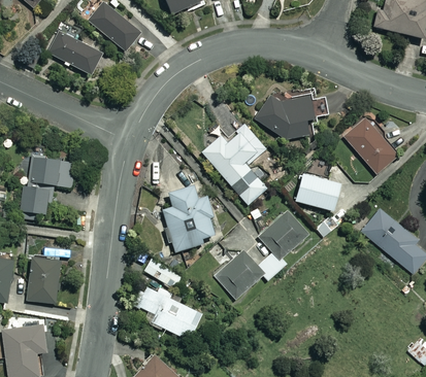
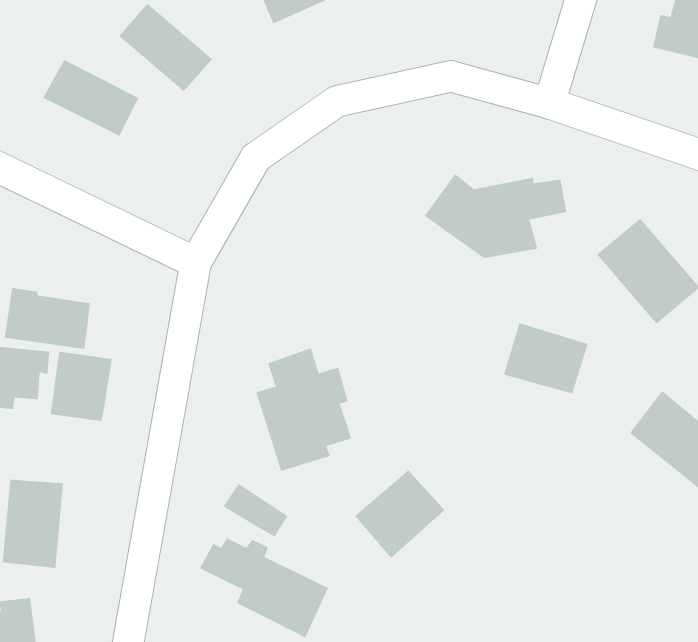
building: [202,125,266,205] -> none
building: none -> [50,351,112,422]
building: [258,211,306,278] -> none

